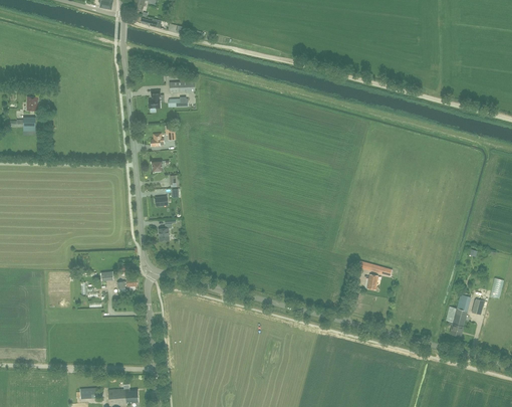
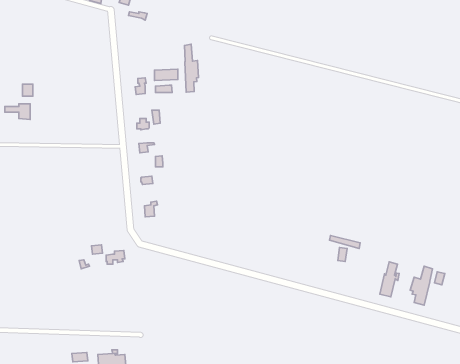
building: none -> [185,44,199,92]
building: none -> [380,262,399,297]

